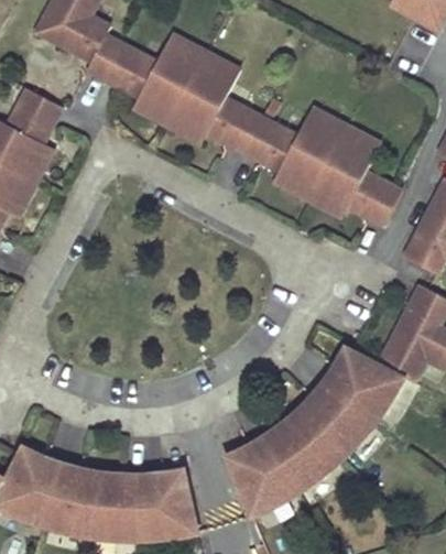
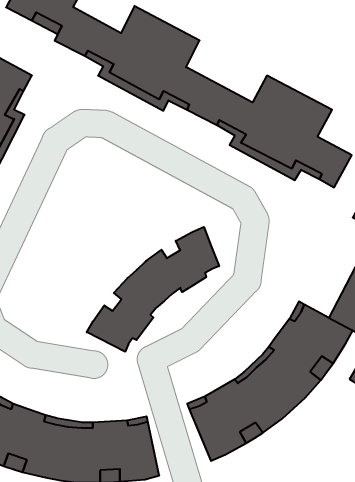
building: none -> [87,227,219,352]

